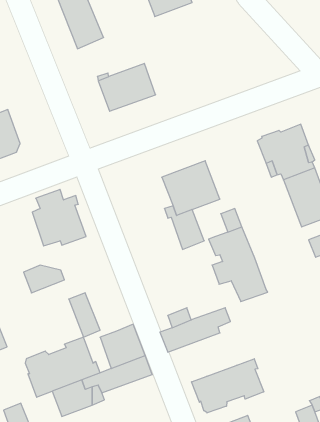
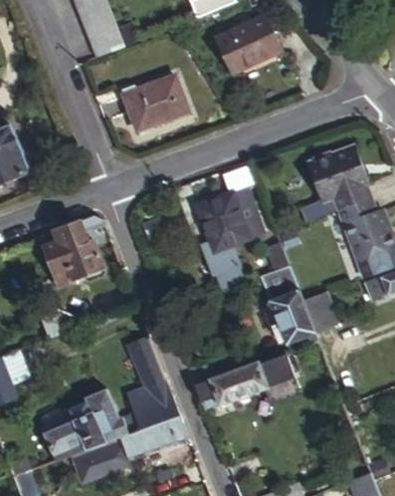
building: none -> [218,15,275,62]
building: none -> [304,293,337,336]
building: [69,293,100,337] -> [127,333,163,385]
building: [192,359,264,413] -> none

